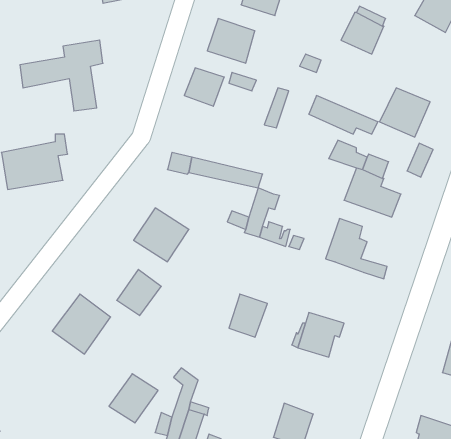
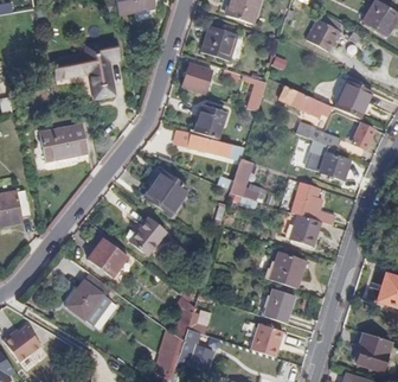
building: none -> [193,104,225,136]
building: none -> [290,214,321,246]
building: [229,294,267,337] -> [264,289,294,323]
building: [109,374,158,423] -> [65,281,103,319]

